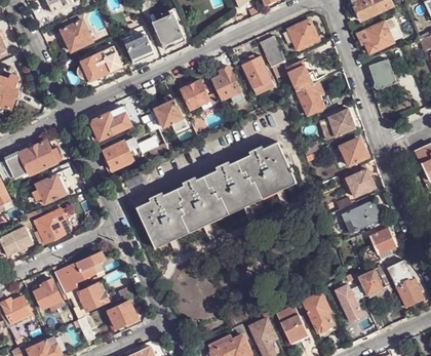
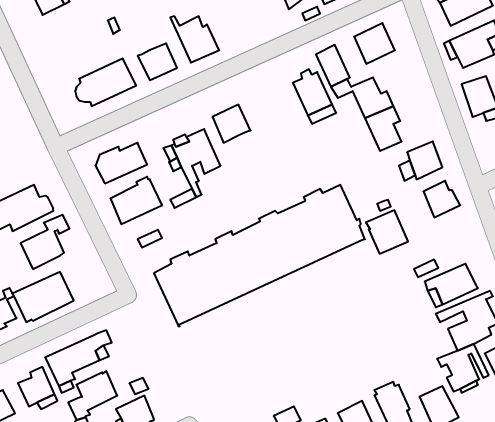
building: [61,11,92,51] -> none
building: [212,67,243,105] -> none
building: [343,164,375,197] -> [366,210,408,254]

